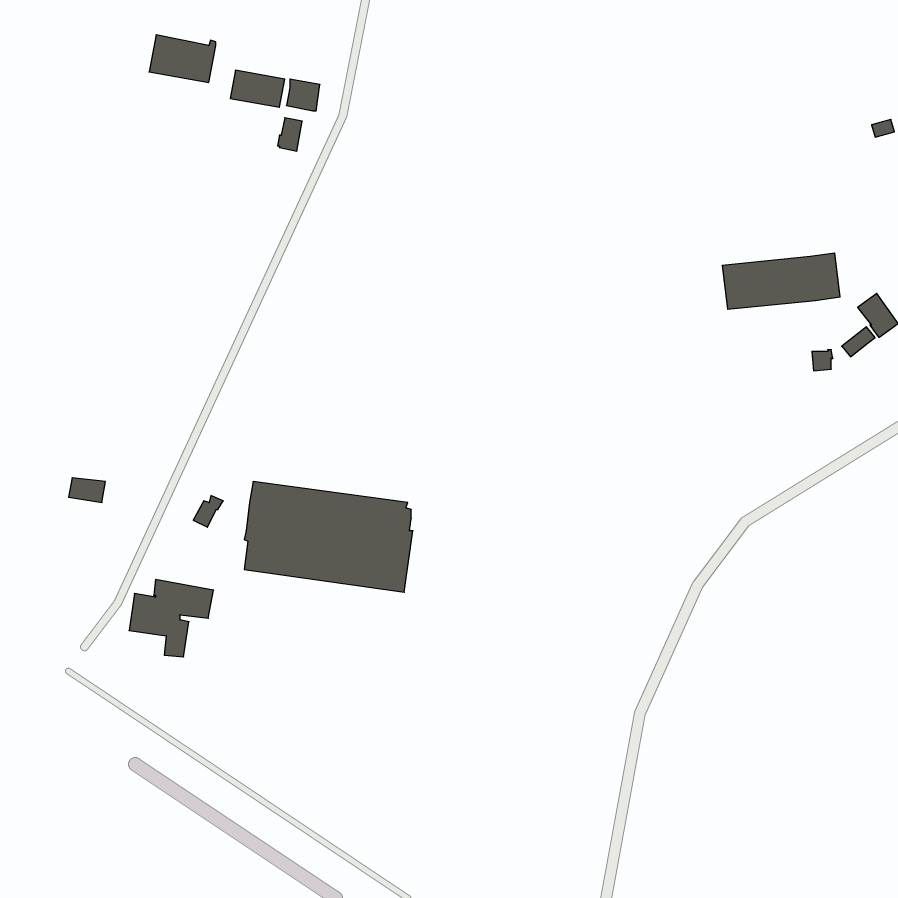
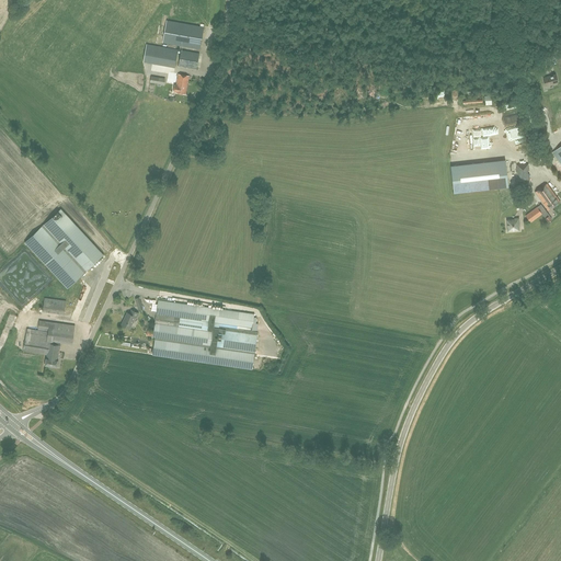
building: [149,35,216,82] -> [162,20,204,49]
building: none -> [24,208,104,288]
building: [129,580,214,657] -> [23,319,76,367]

